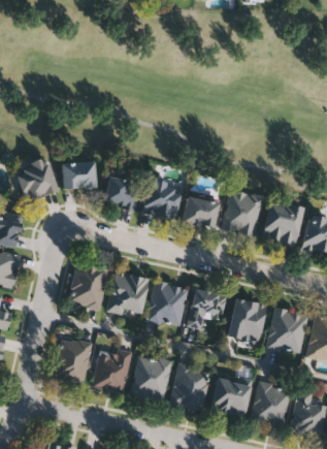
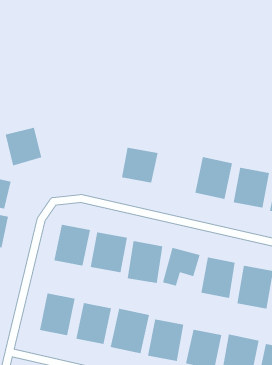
building: [64,162,96,188] -> none
building: [104,177,140,210] -> none
building: [183,195,220,228] -> none

